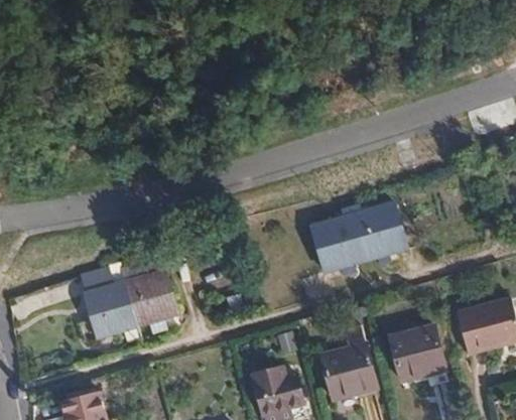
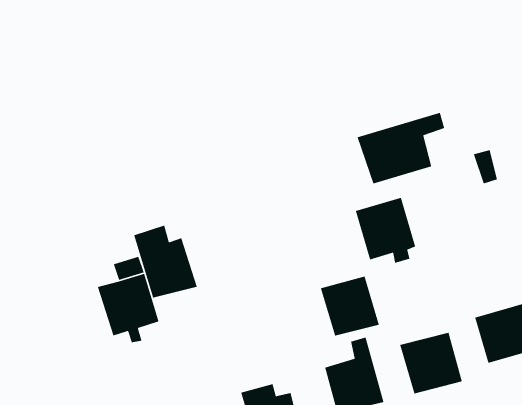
building: none -> [356,112,445,185]
building: [310,216,364,270] -> [320,275,380,337]
building: [79,272,136,337] -> [133,225,198,298]

